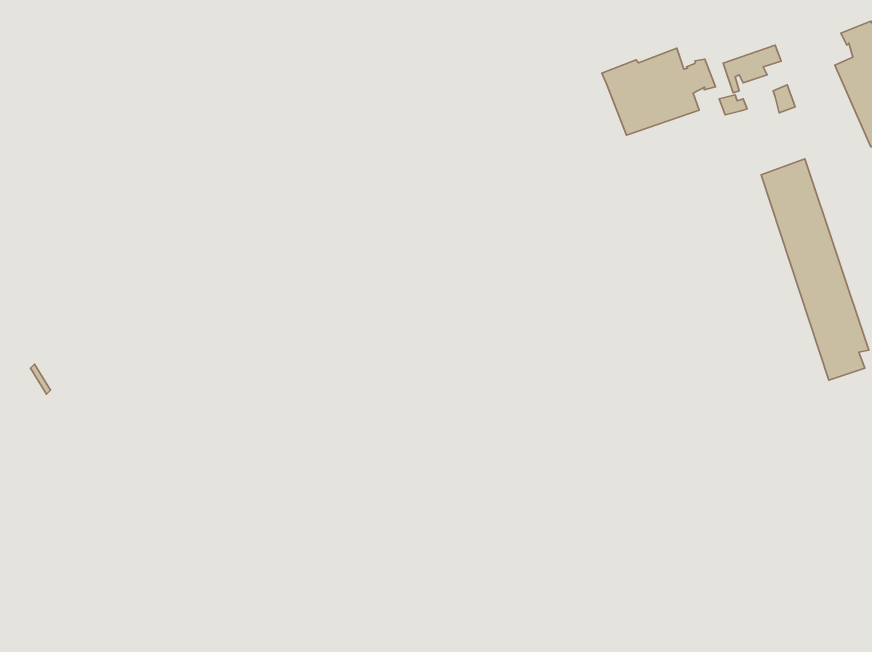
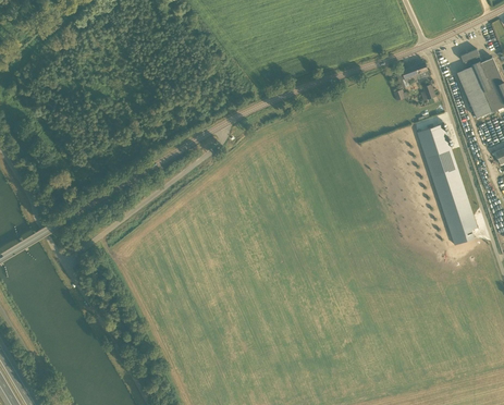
building: [602,48,715,135] -> none

